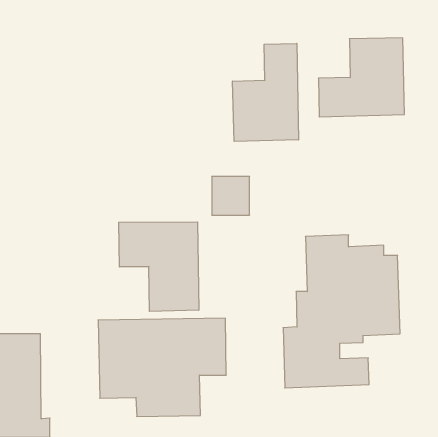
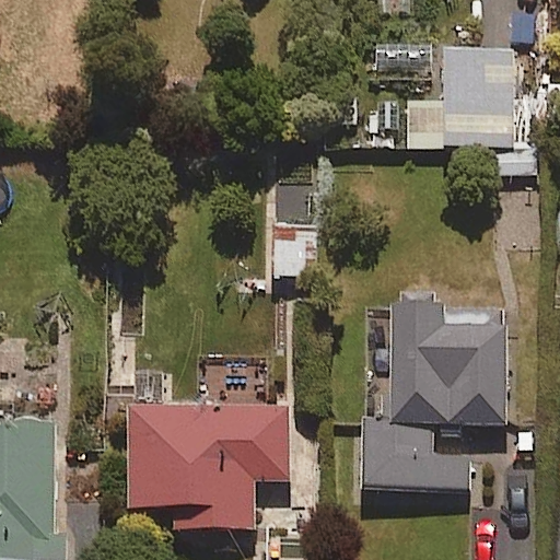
building: [233,43,298,141] -> none
building: [119,222,199,311] -> none

